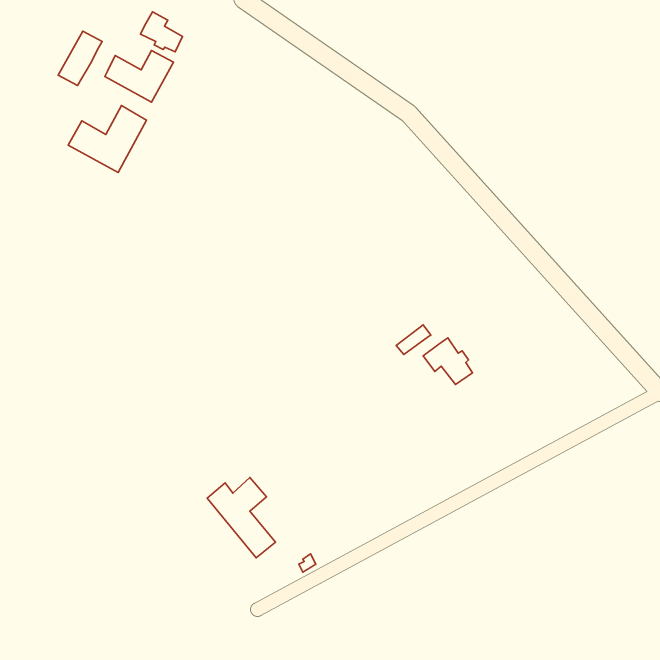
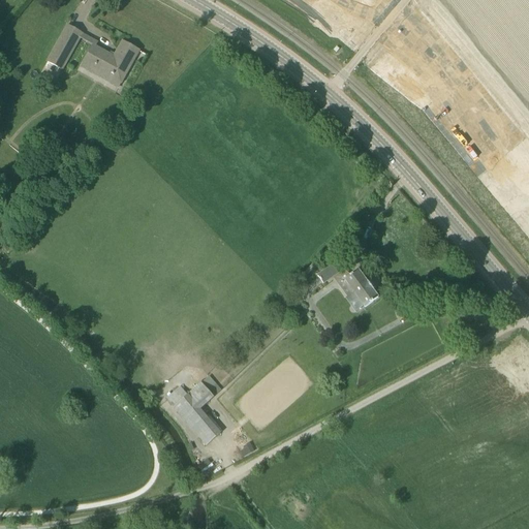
building: [140,12,183,52] -> none
building: [68,106,146,172] -> none

